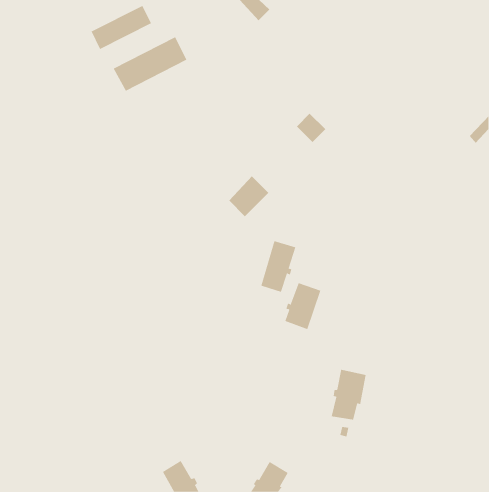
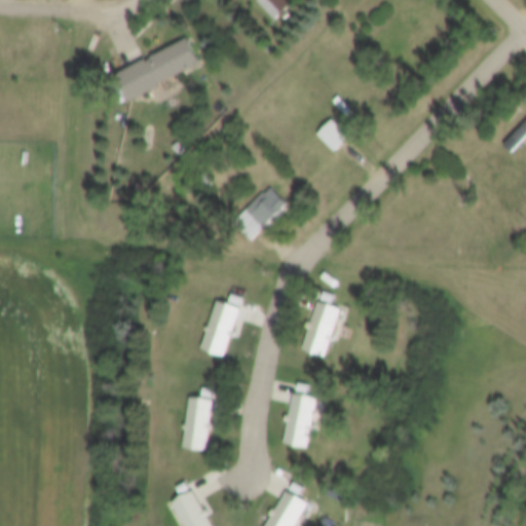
building: [91,5,152,50] -> none
building: [260,240,296,292] -> [201,302,239,358]
building: [331,369,366,420] -> [281,393,320,448]
building: none -> [183,398,214,451]

